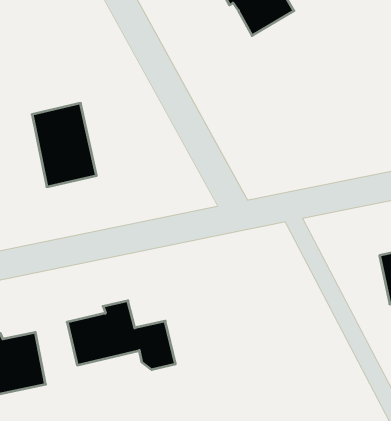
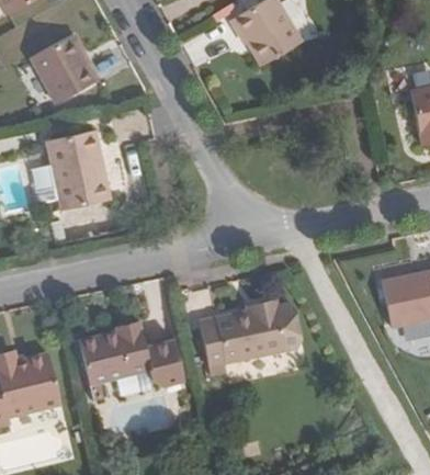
building: none -> [30,34,97,103]
building: none -> [200,298,299,375]

